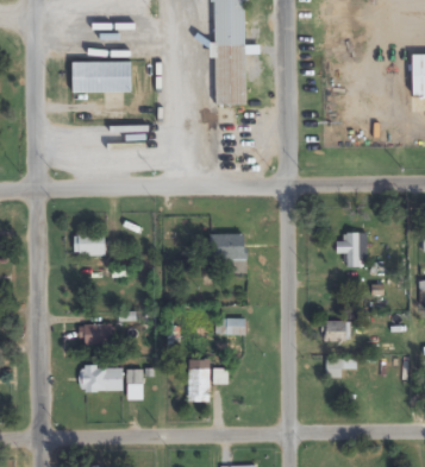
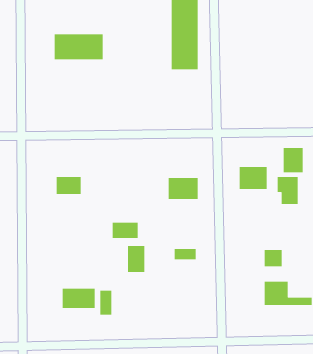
building: none -> [283,147,303,173]
building: none -> [239,166,267,190]
building: [82,324,114,345] -> [112,222,139,239]
building: [188,367,210,400] -> [127,245,145,273]

